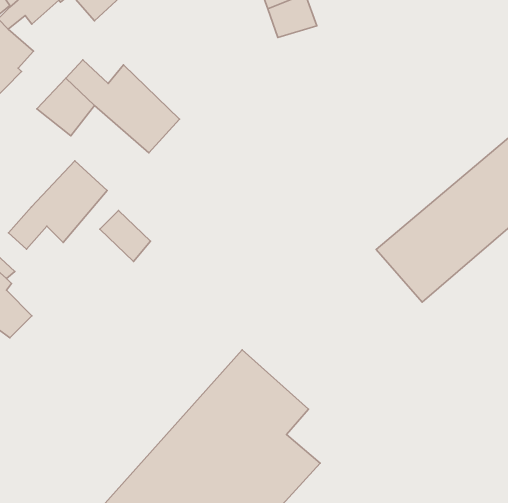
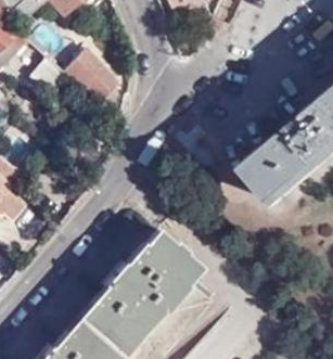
building: [9,161,107,249] -> none

